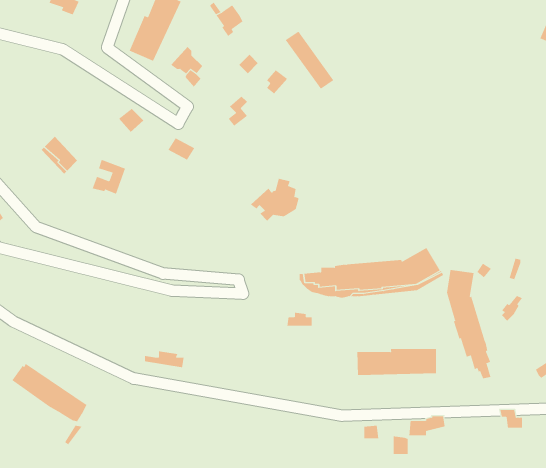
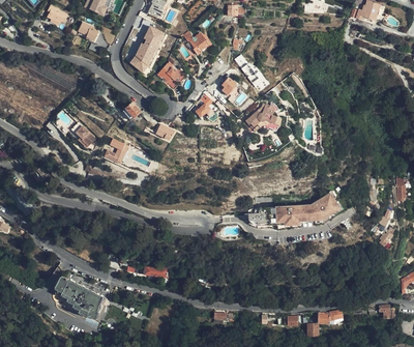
building: [250,178,300,221] -> [246,103,279,132]
building: [446,269,491,379] -> none
building: [357,348,437,376] -> none

